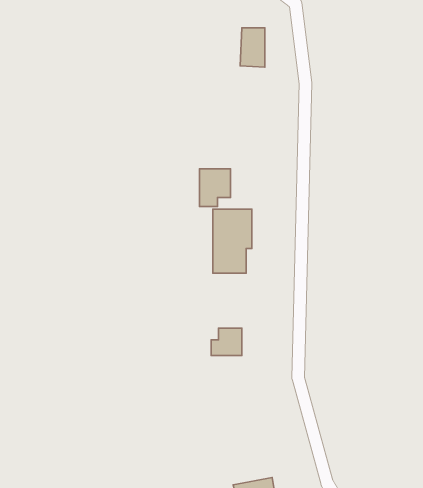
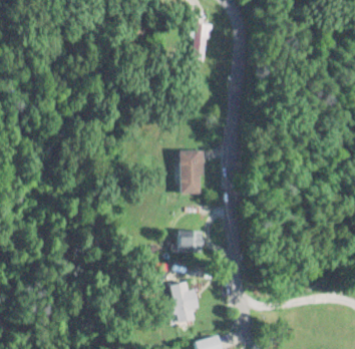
building: [200,169,230,207] -> none
building: none -> [164,281,197,322]

